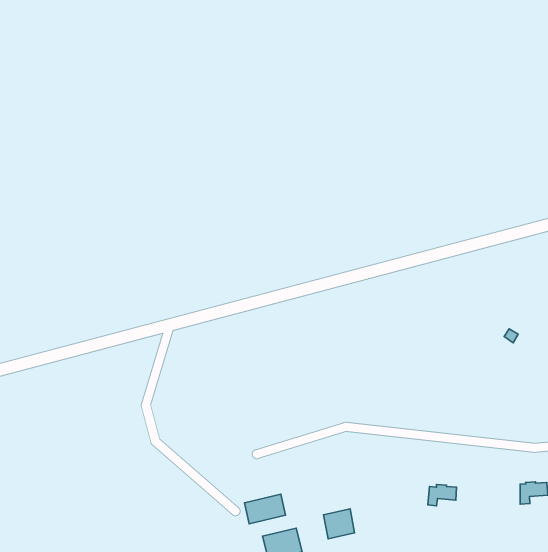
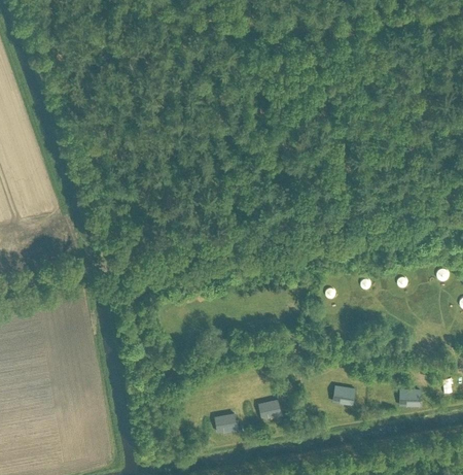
building: [244,494,286,524] -> none

